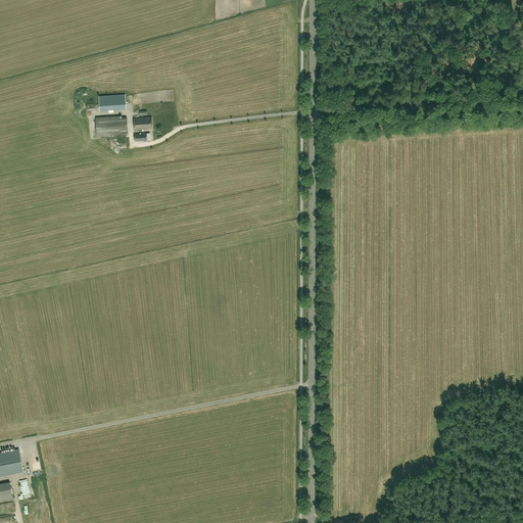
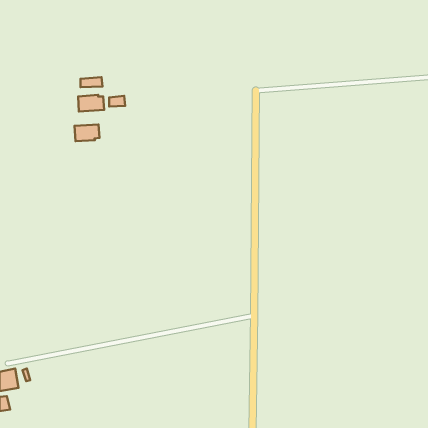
building: none -> [74,124,99,141]

